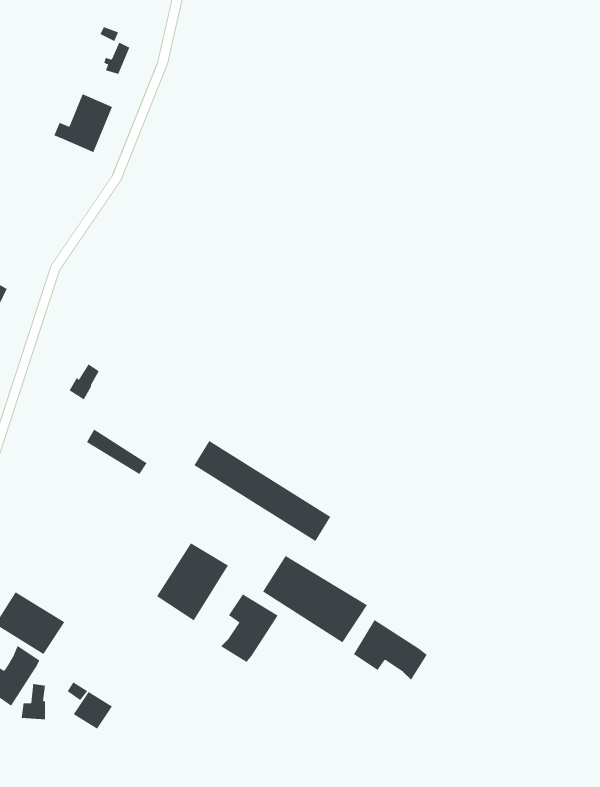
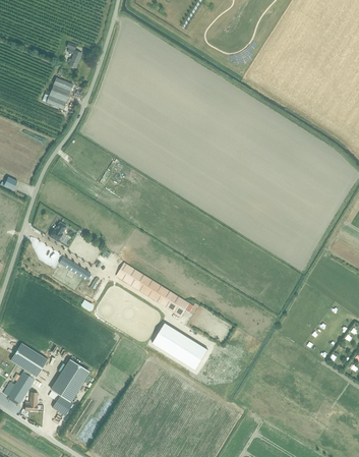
building: [156,542,229,621] -> [51,358,89,400]
building: [220,594,278,663] -> none
building: [353,619,427,681] -> none

